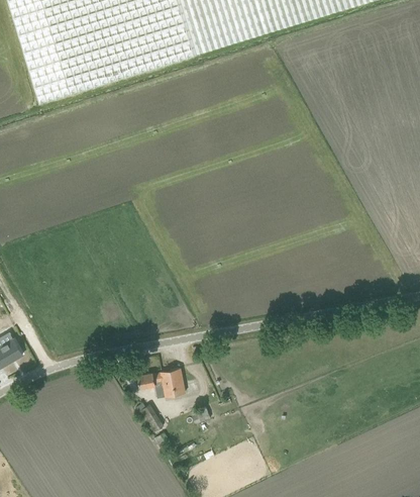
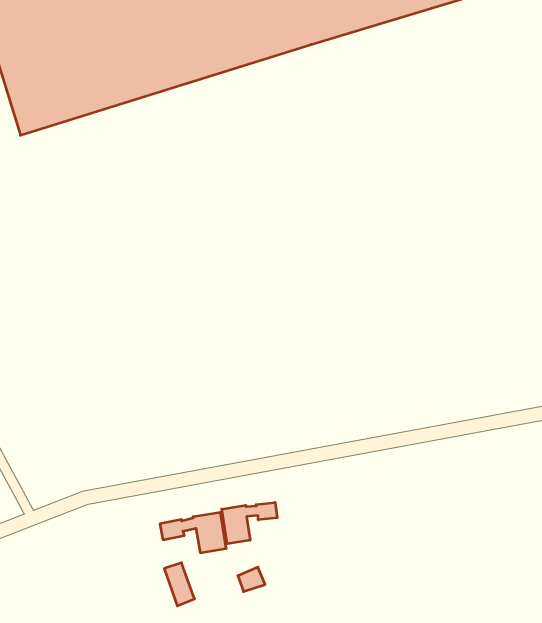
building: none -> [222,502,277,544]

